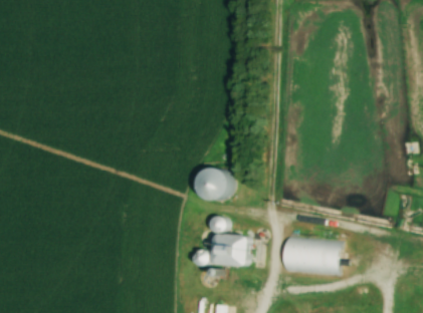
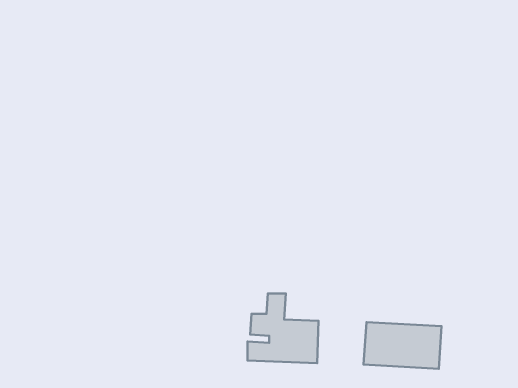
building: [206,170,228,200] -> none

